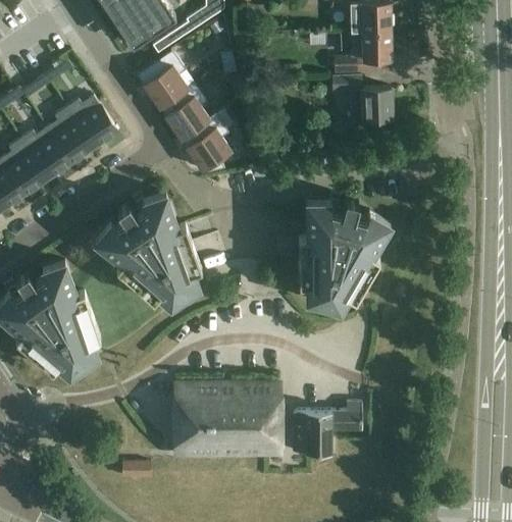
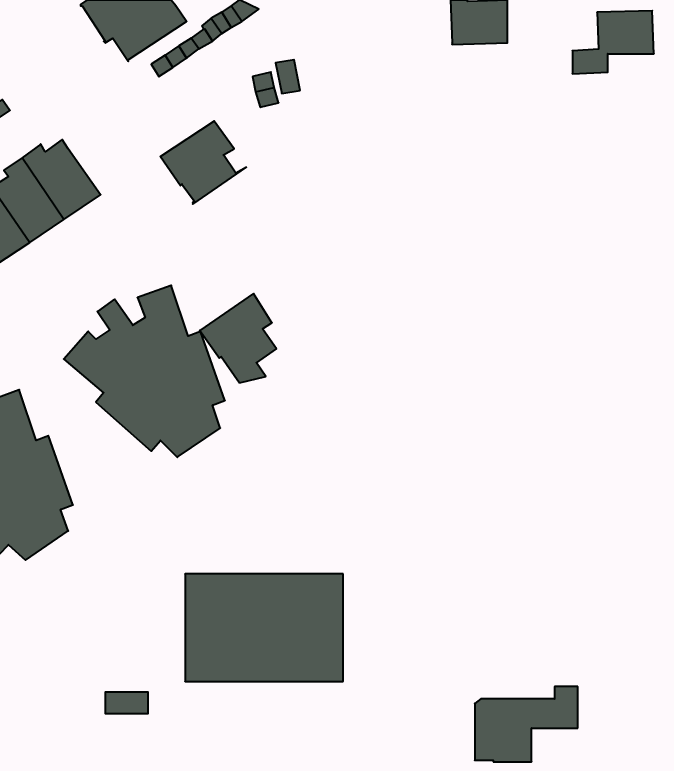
building: [336,31,390,72] -> [572,11,654,74]
building: [137,50,194,106] -> none
building: [330,76,391,123] -> none
building: [180,113,231,172] -> [200,294,276,383]
building: [298,197,390,310] -> none
building: [293,403,361,453] -> [475,687,578,762]

